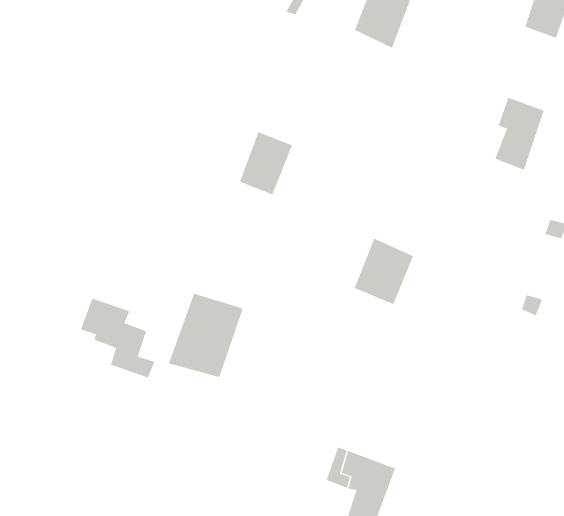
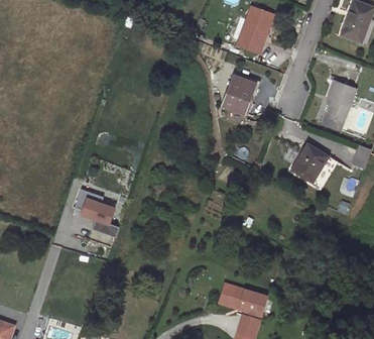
building: [239,132,293,195] -> [220,74,252,112]
building: [354,238,414,305] -> [291,149,328,190]
building: [168,293,244,378] -> none

